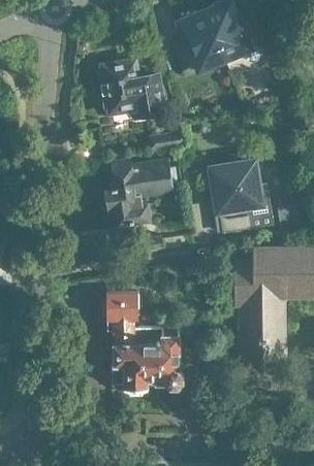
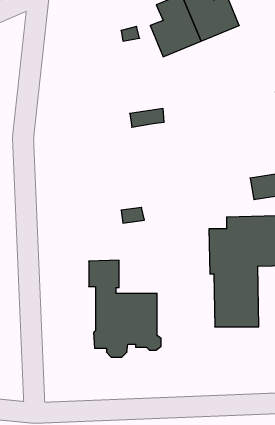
building: [99,60,166,118] -> none
building: [207,158,272,233] -> none
building: [104,159,178,226] -> none

